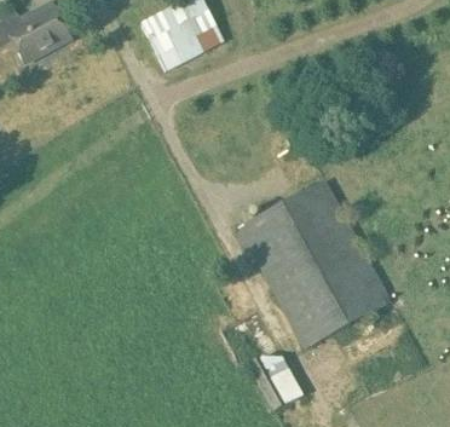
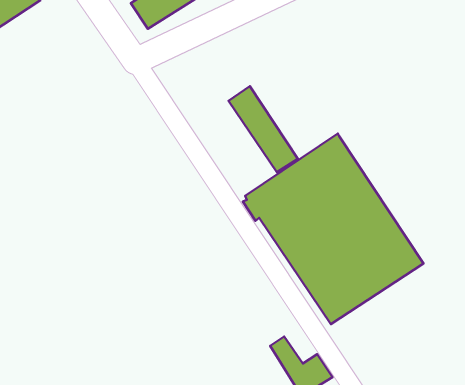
building: none -> [229,86,298,172]

